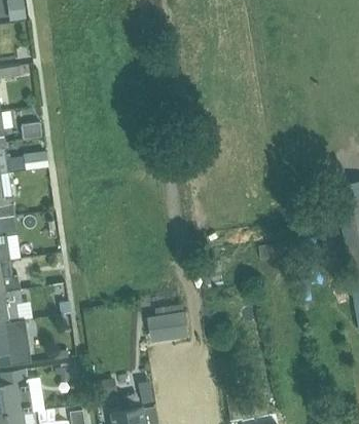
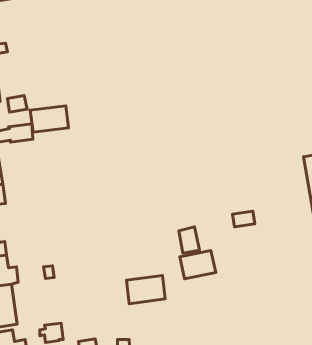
building: none -> [30,106,69,132]
building: none -> [180,250,216,279]

